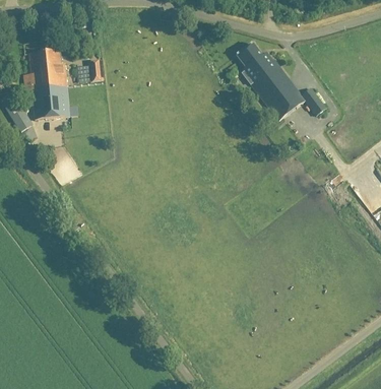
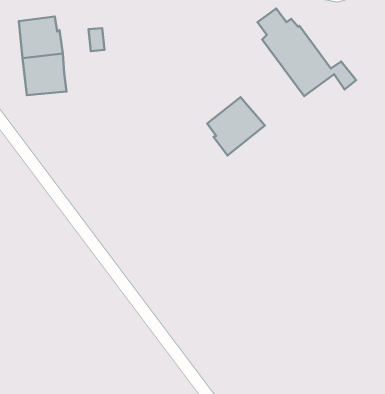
building: none -> [207,97,265,156]

